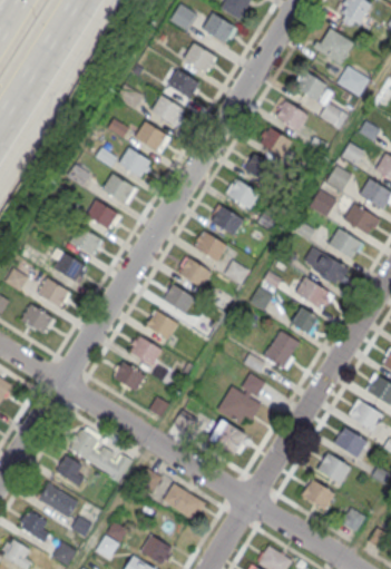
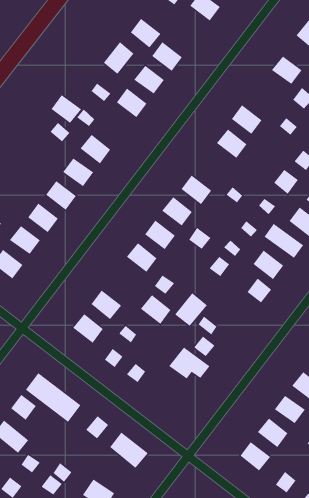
building: [184,43,217,75] -> [130,18,162,48]
building: [275,101,309,133] -> none
building: [118,148,151,178] -> [50,94,82,124]
building: [226,179,260,210] -> none
building: [146,308,179,340] -> [140,294,171,325]
building: [264,331,299,367] -> [174,292,208,327]
building: [209,420,247,455] -> none

